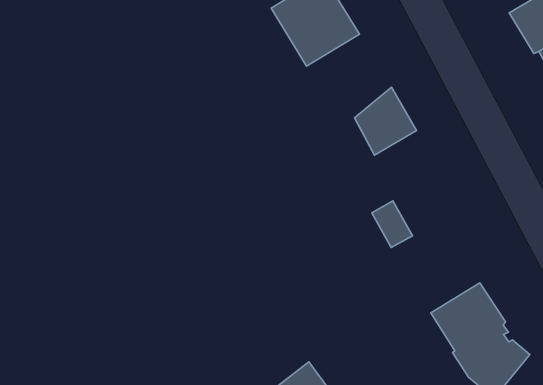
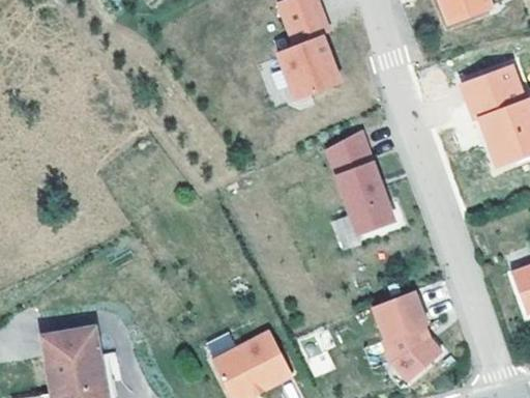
building: none -> [342,164,396,232]

